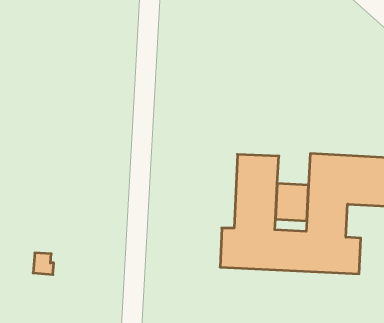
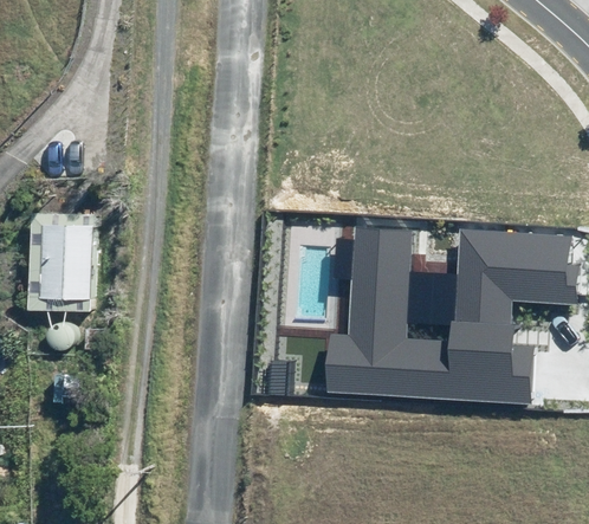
building: none -> [47,224,98,296]

